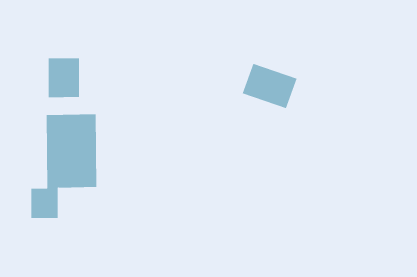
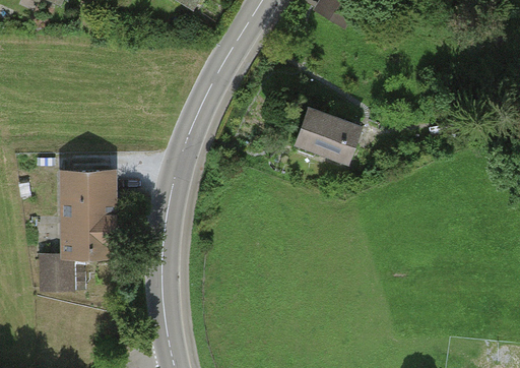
building: [48,57,80,98] -> none

